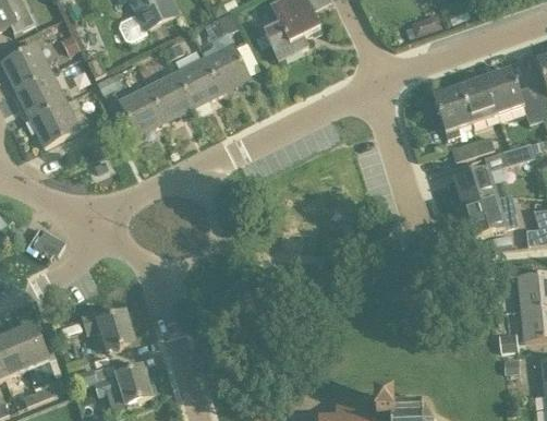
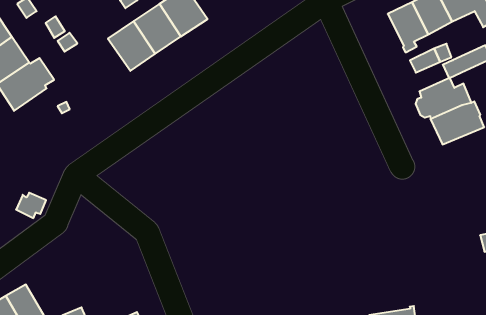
building: [119,84,166,134] -> none
building: [82,311,133,350] -> none

